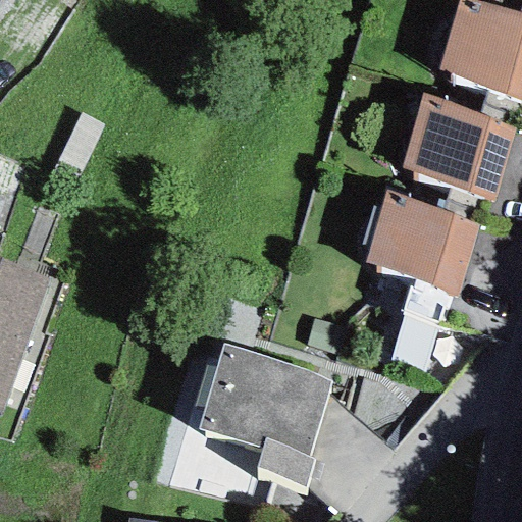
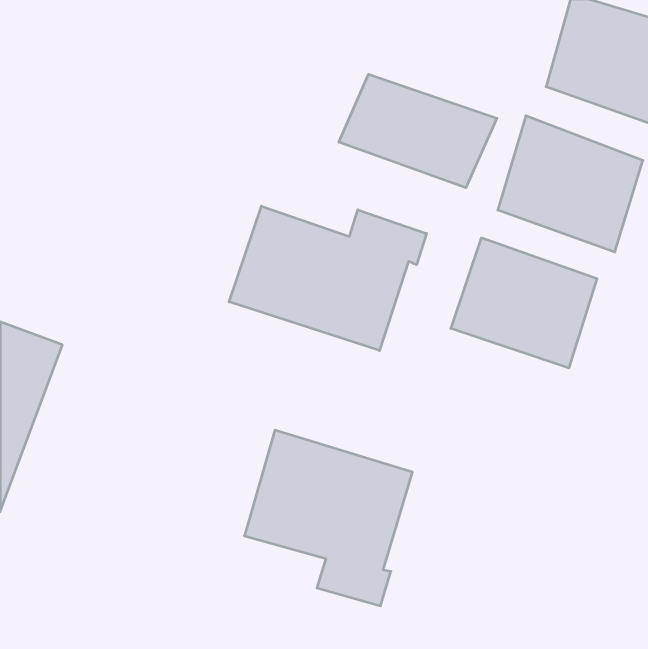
building: none -> [339,74,497,188]
building: none -> [229,206,427,351]

